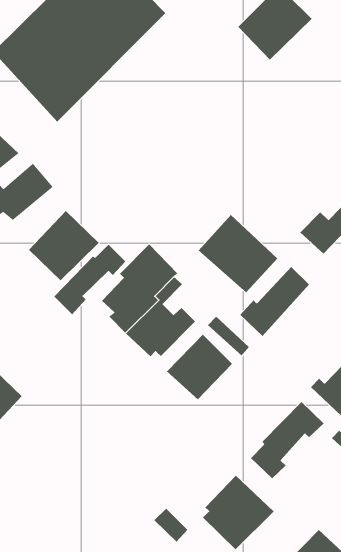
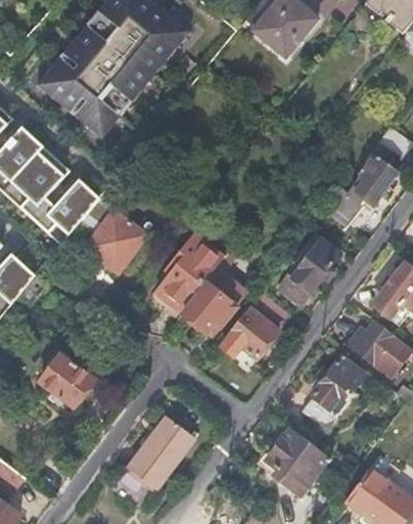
building: [198,214,278,293] -> none
building: [54,244,126,315] -> none
building: none -> [127,420,193,492]

